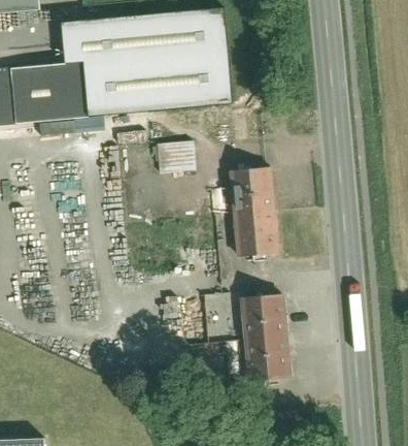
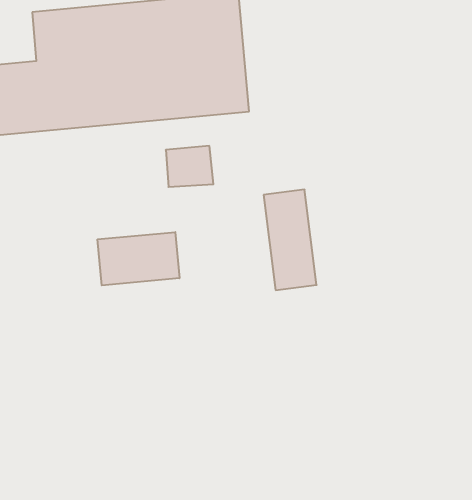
building: none -> [98,232,179,285]
building: [247,296,282,373] -> none

